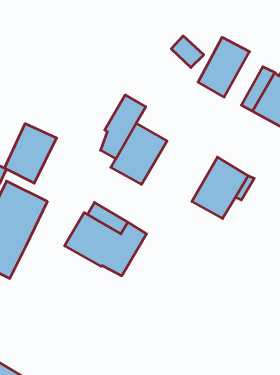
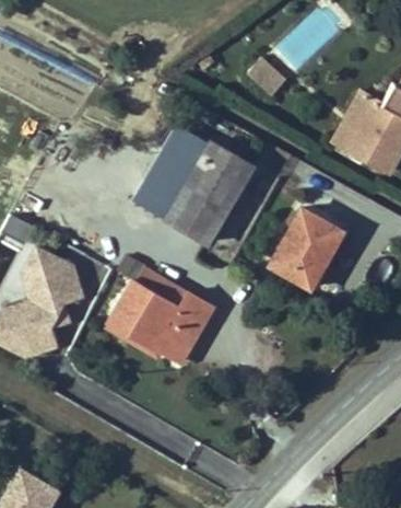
building: [198,37,250,97] -> none
building: none -> [200,146,252,189]
building: [4,124,57,183] -> none

